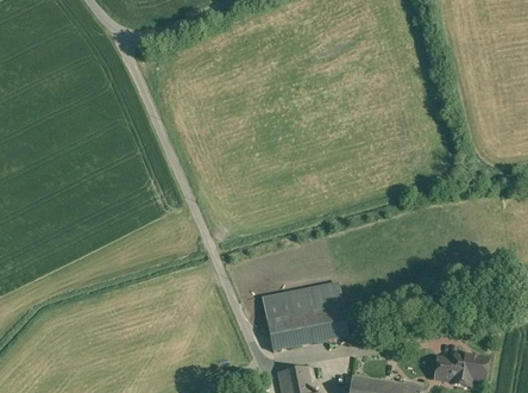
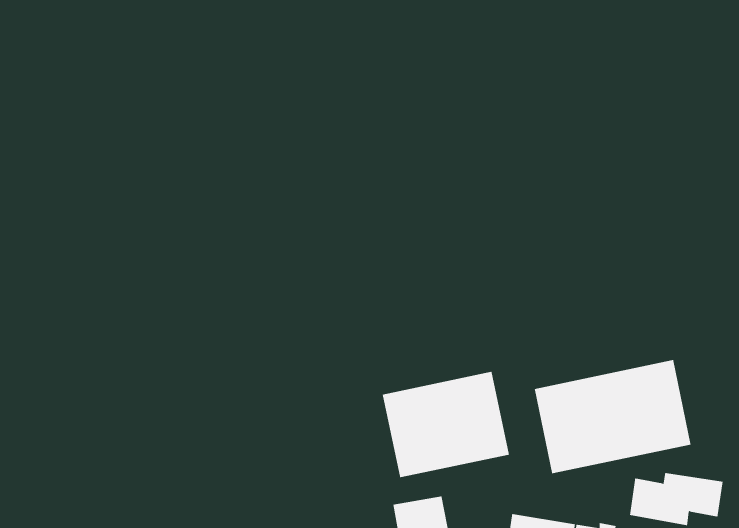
building: none -> [534,359,691,474]

